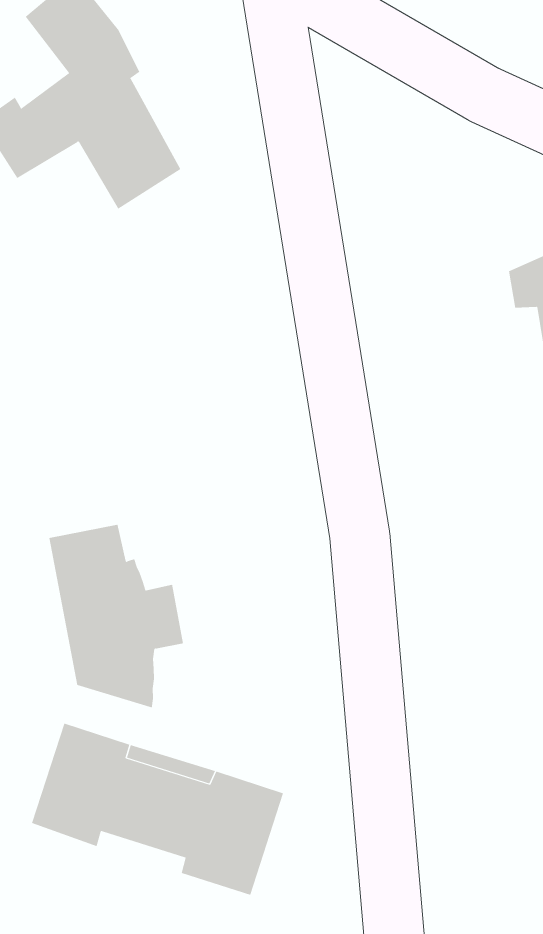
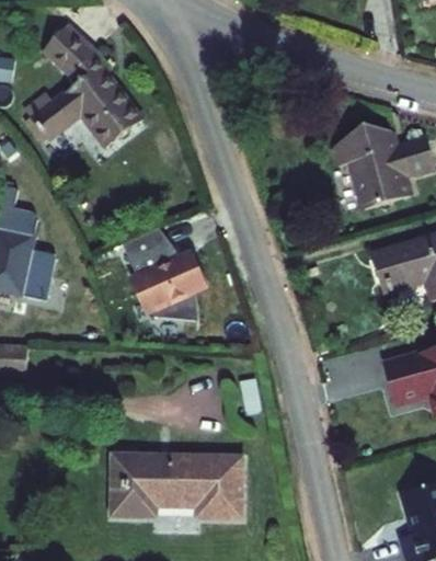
building: [48,524,184,708] -> [121,218,204,317]

